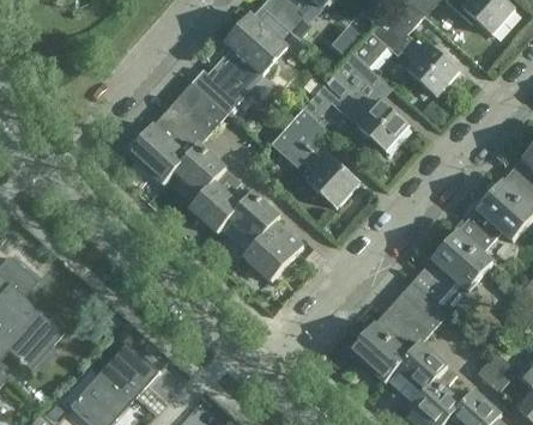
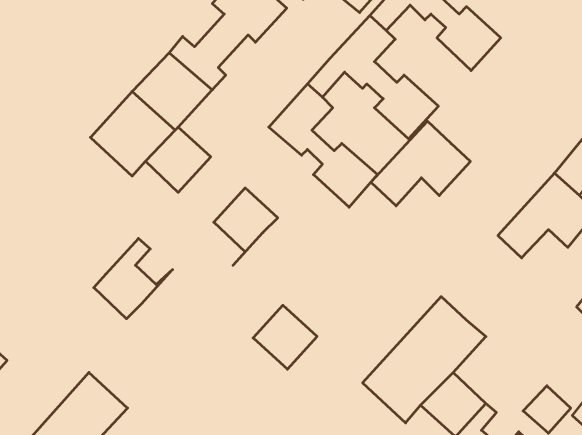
building: [189,168,253,232] -> [94,238,173,319]
building: [243,229,295,280] -> [253,305,317,369]
building: [411,231,491,299] -> [371,121,470,206]

